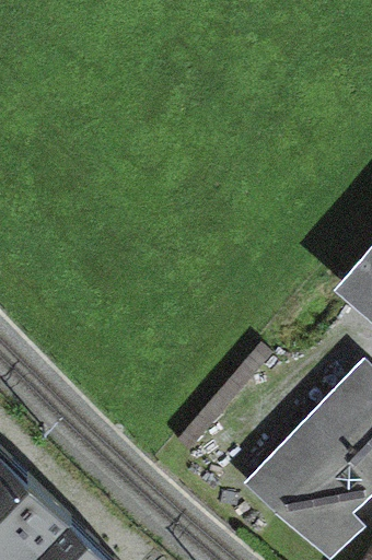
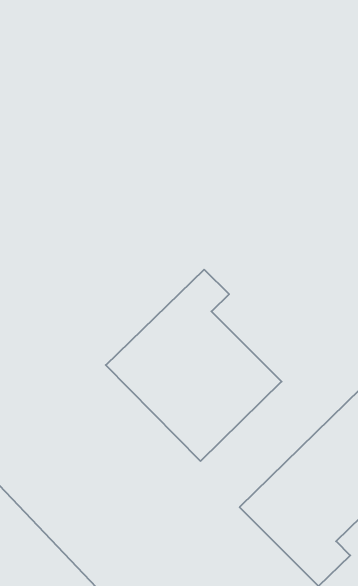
building: none -> [106,270,282,461]

